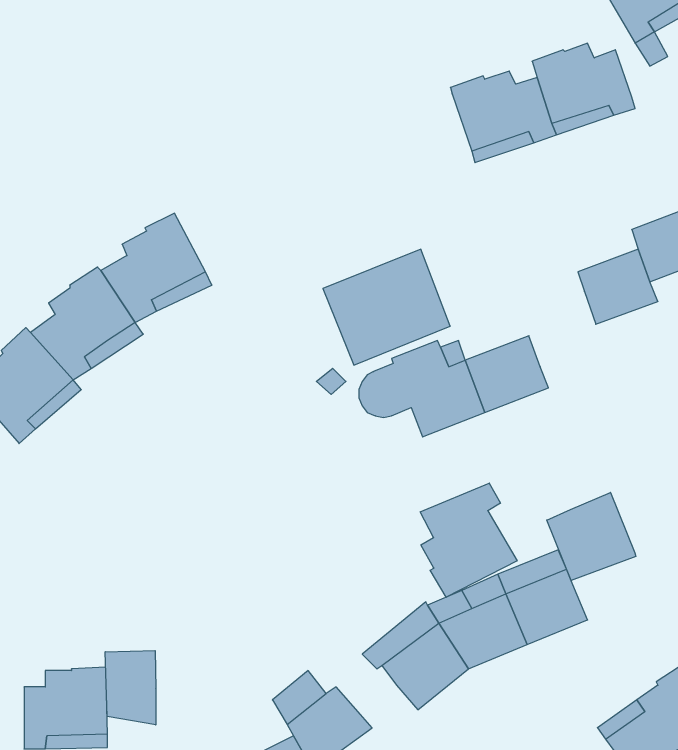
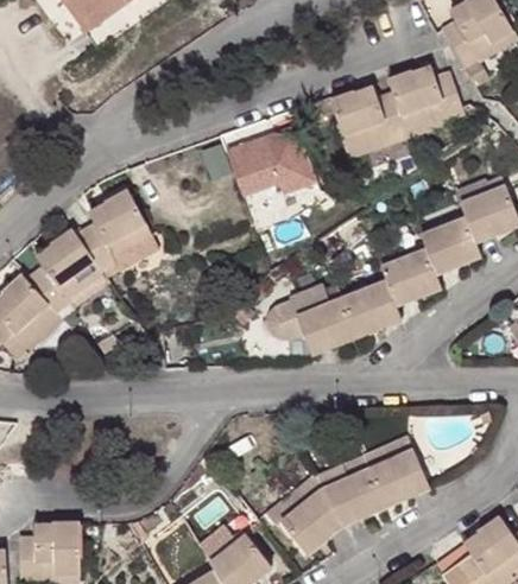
building: [323,249,450,365] -> [228,129,321,214]
building: none -> [380,248,441,303]
building: [420,483,517,597] -> none
building: [547,492,636,580] -> none
building: [105,651,156,725] -> none

